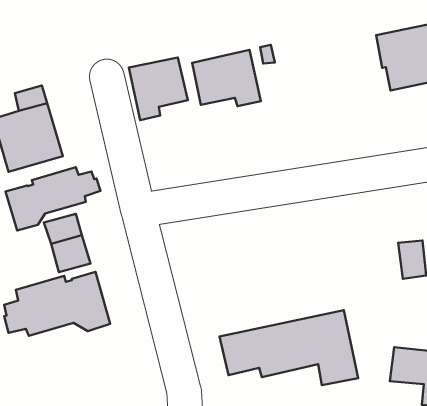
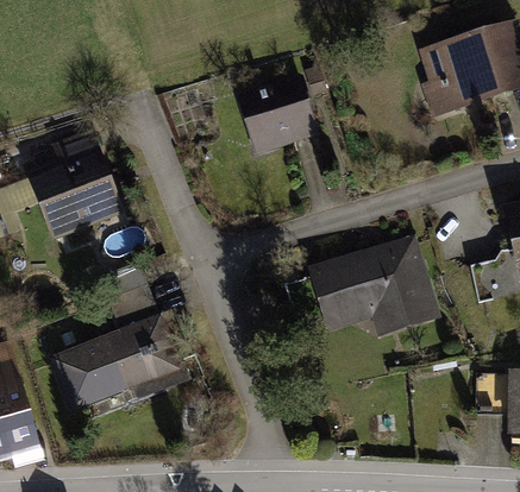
building: [129,57,188,120] -> none
building: [6,167,100,230] -> none
building: [220,310,358,385] -> [284,246,432,326]

